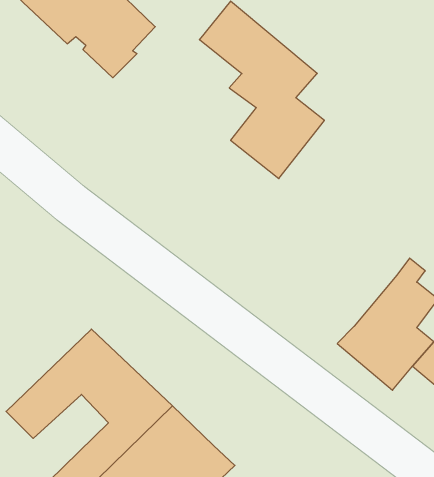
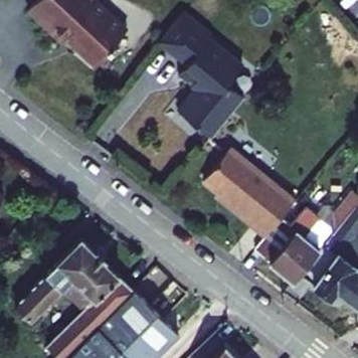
building: none -> [200,152,296,243]

